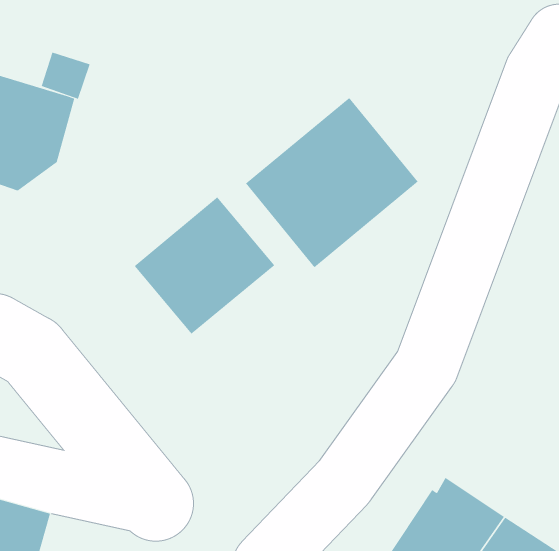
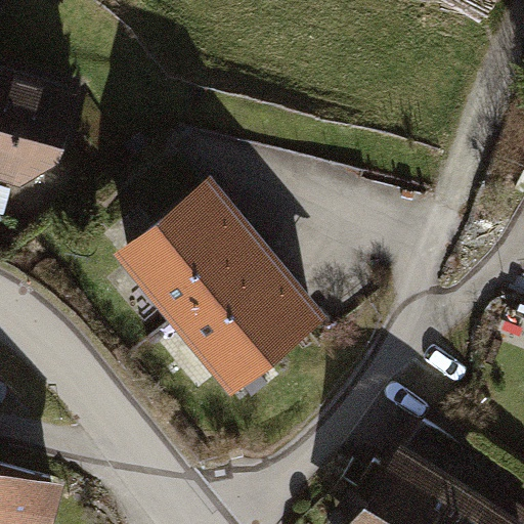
building: [245,97,419,268] -> none
building: none -> [177,258,307,386]

